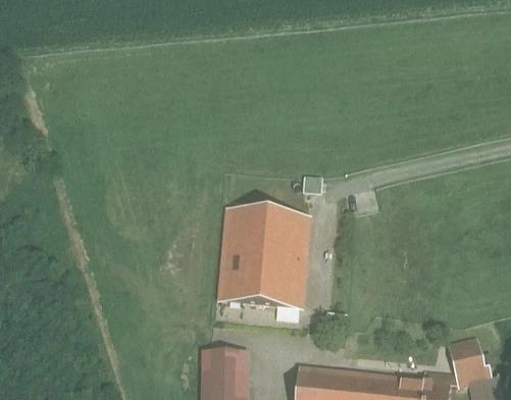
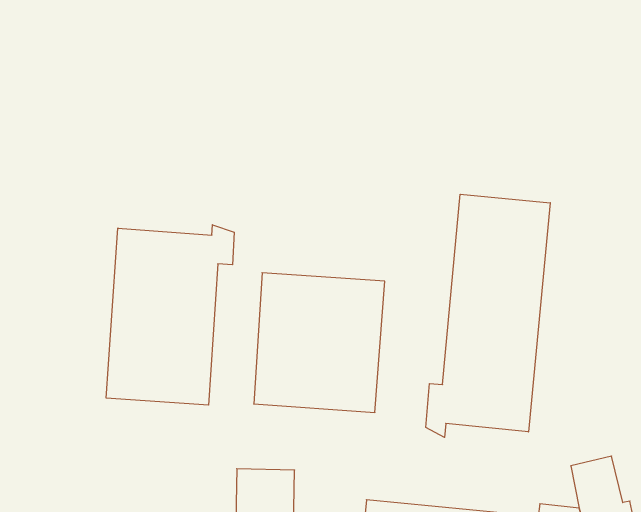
building: none -> [426,194,550,437]
building: none -> [106,225,234,405]

